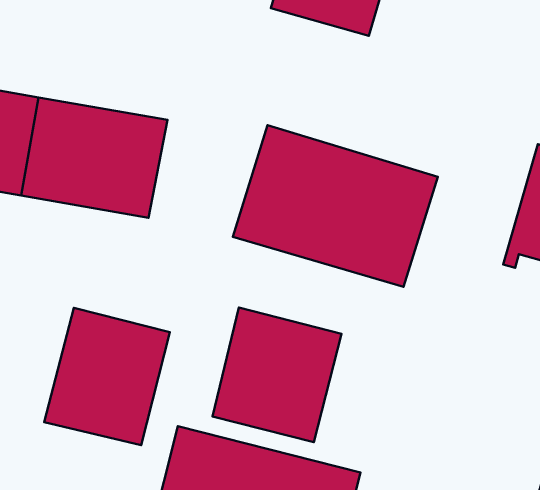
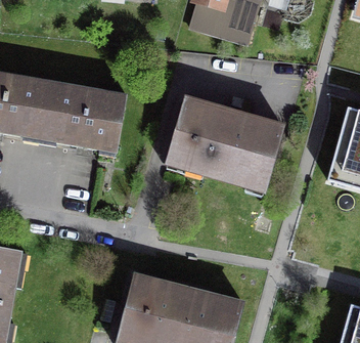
building: [213,307,342,442] -> none
building: [44,308,170,445] -> none

